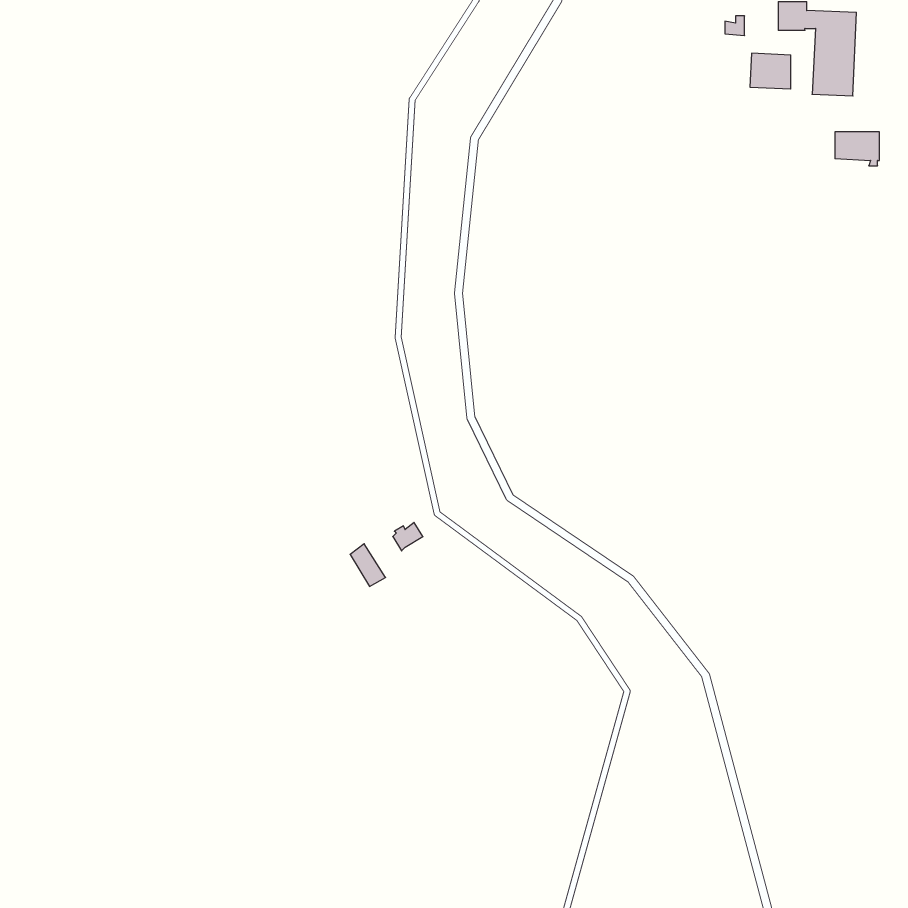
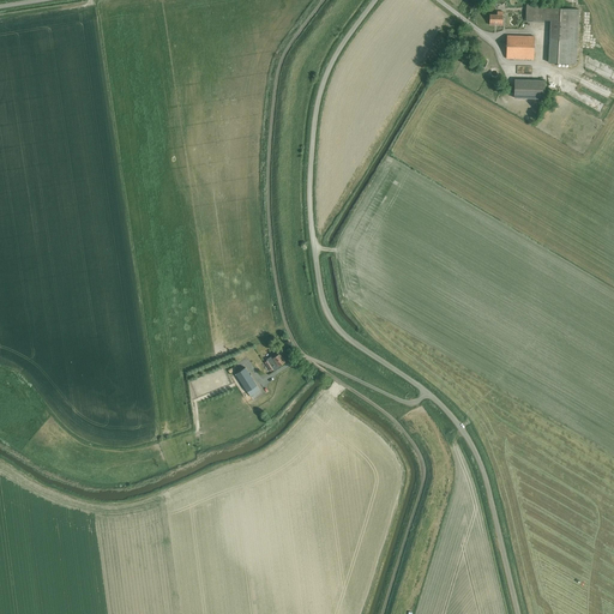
building: [835,132,879,166] -> [514,80,544,103]

